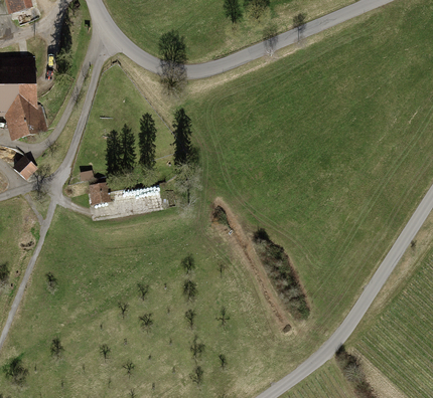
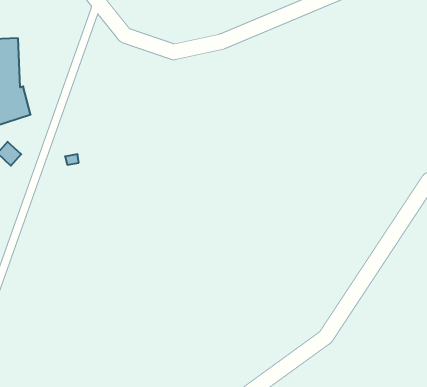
building: [88,182,111,206] -> none

